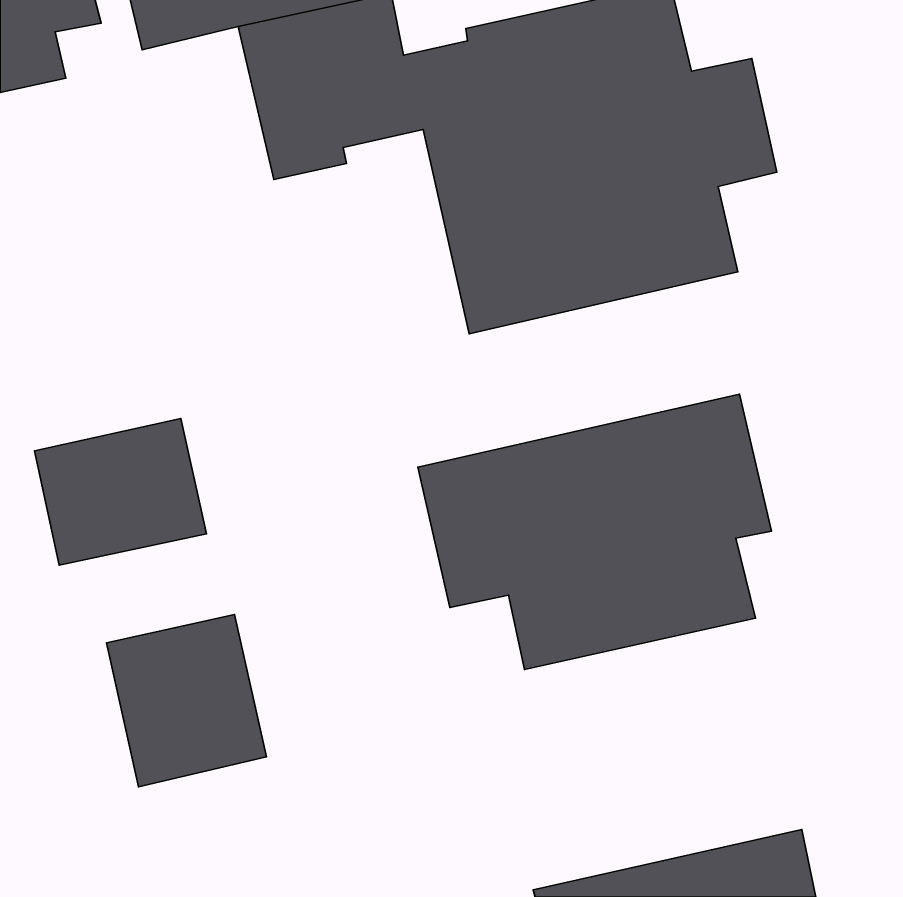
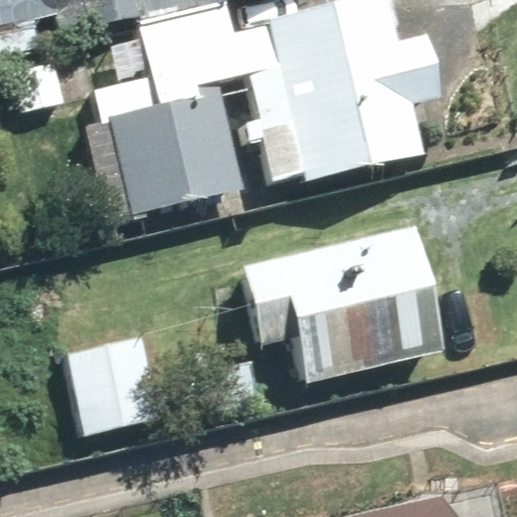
building: none -> [108,87,248,214]
building: [34,418,206,565] -> none

